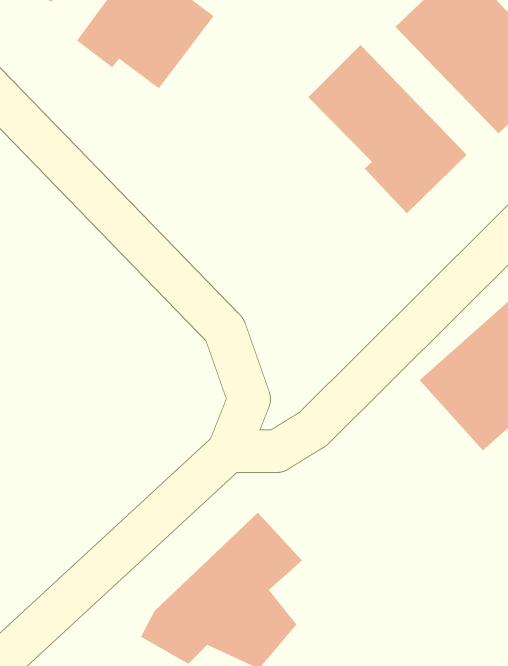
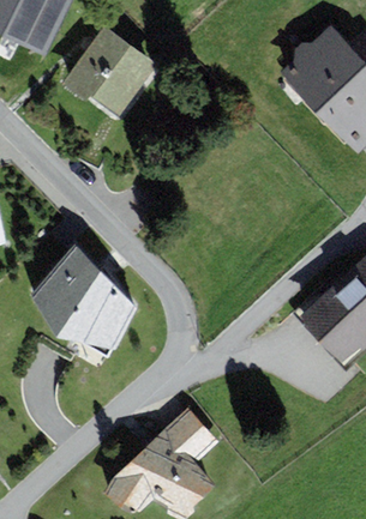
building: [307,44,467,214] -> none
building: none -> [32,243,138,350]

